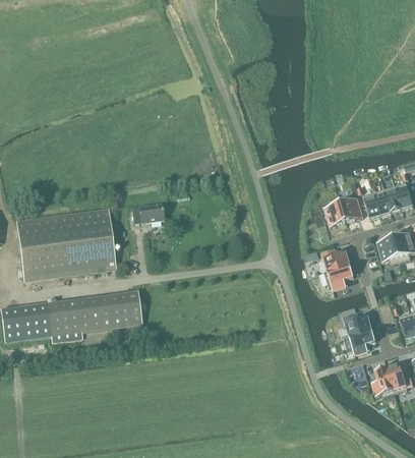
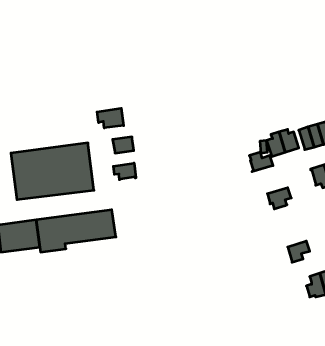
building: none -> [97,108,124,128]
building: none -> [113,163,136,180]
building: [321,247,350,271] -> [249,152,273,172]
building: [343,312,371,335] -> none

